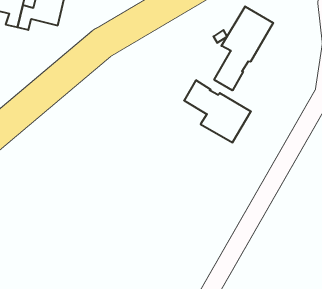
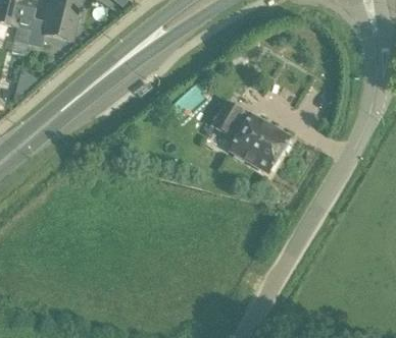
building: [214,6,273,90] -> none

